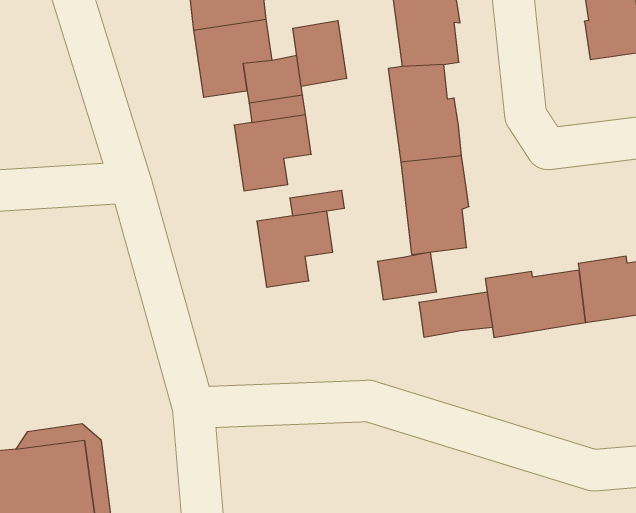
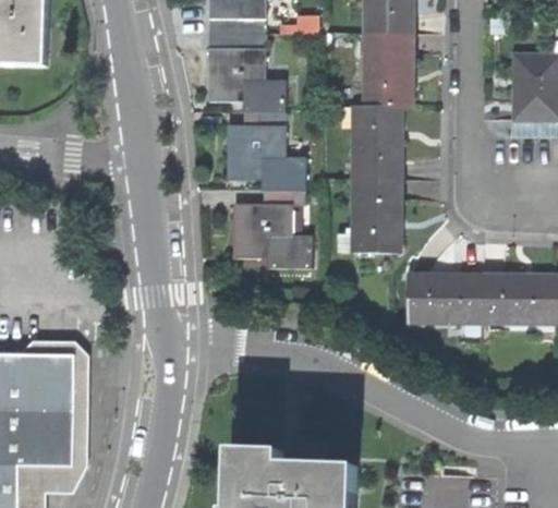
building: [293,20,347,86] -> none
building: none -> [262,158,303,190]
building: [377,252,437,300] -> [267,235,310,267]
building: [419,292,492,337] -> none

